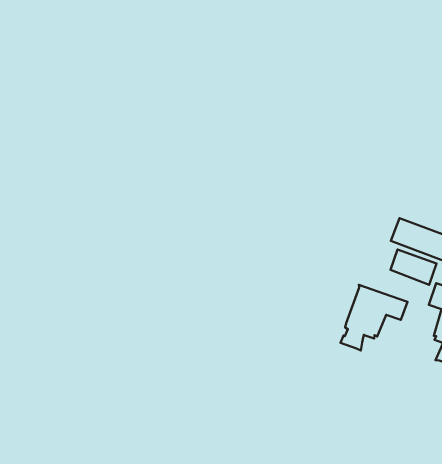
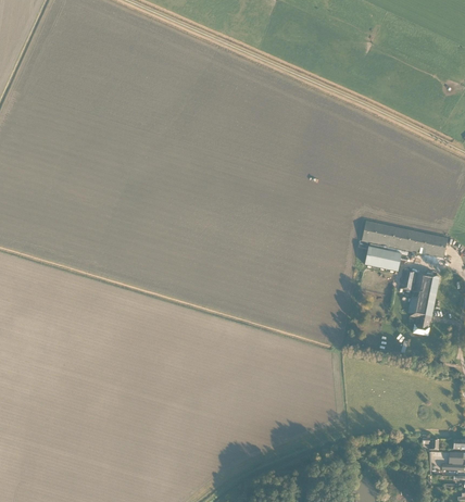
building: [340,285,407,350] -> none

